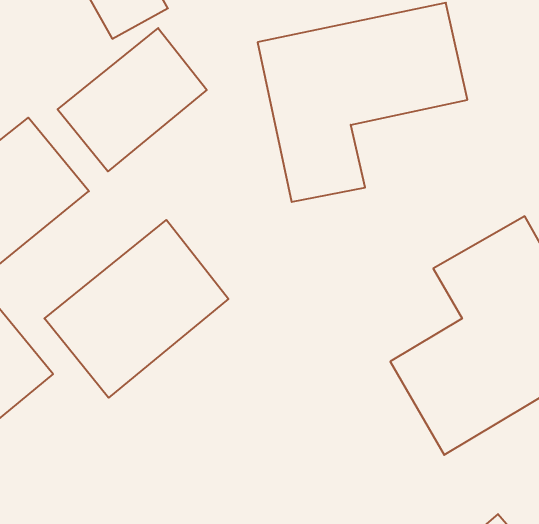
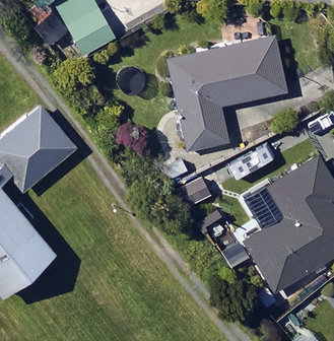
building: [58,28,207,171] -> none
building: [44,220,228,398] -> none

